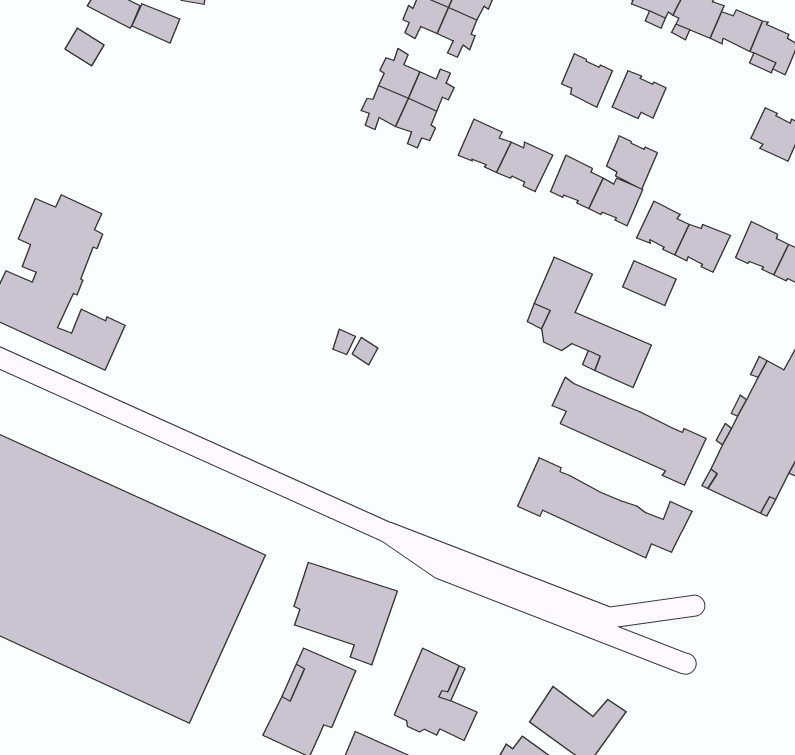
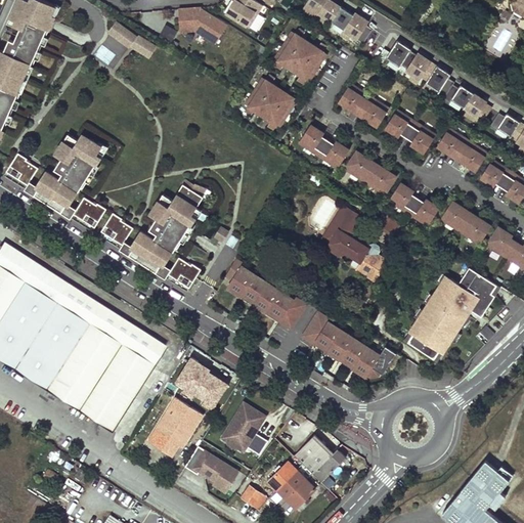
building: none -> [338,84,368,112]
building: none -> [437,128,468,156]
building: [606,136,657,189] -> [406,122,435,152]
building: none -> [96,178,204,291]
building: [552,377,706,485] -> [225,261,306,329]

